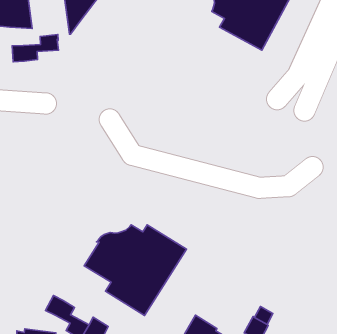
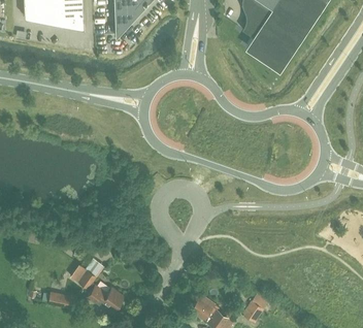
building: [12,35,59,62] -> none
building: [84,225,186,316] -> none

